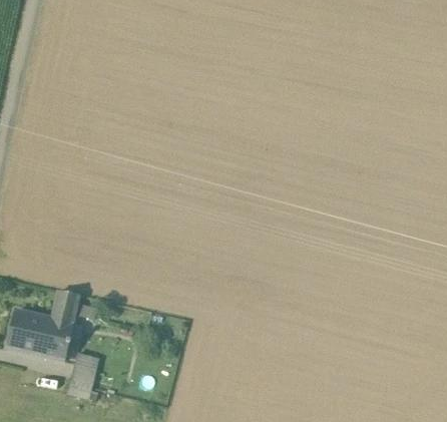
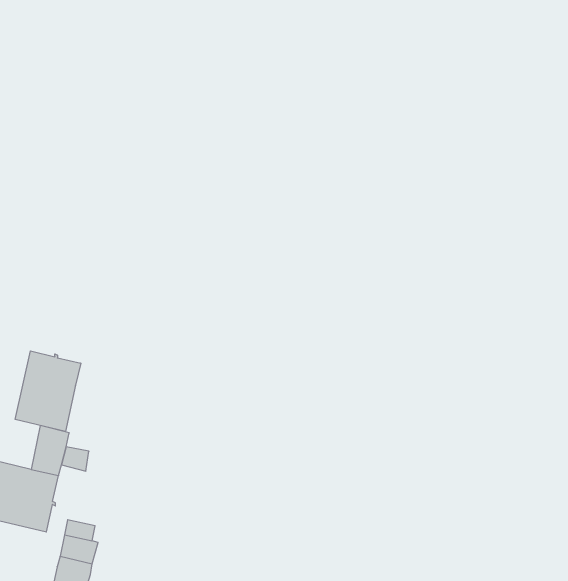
building: none -> [15,351,81,431]

